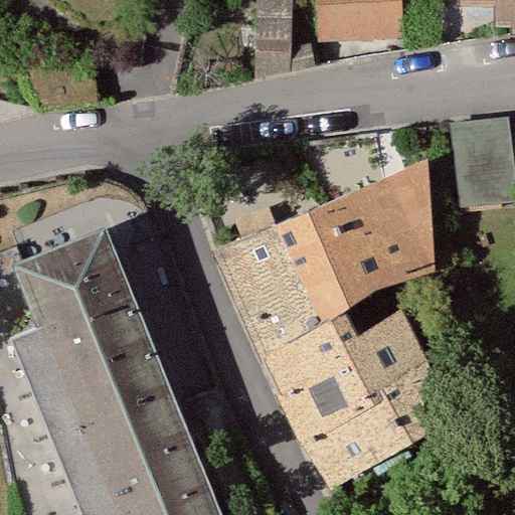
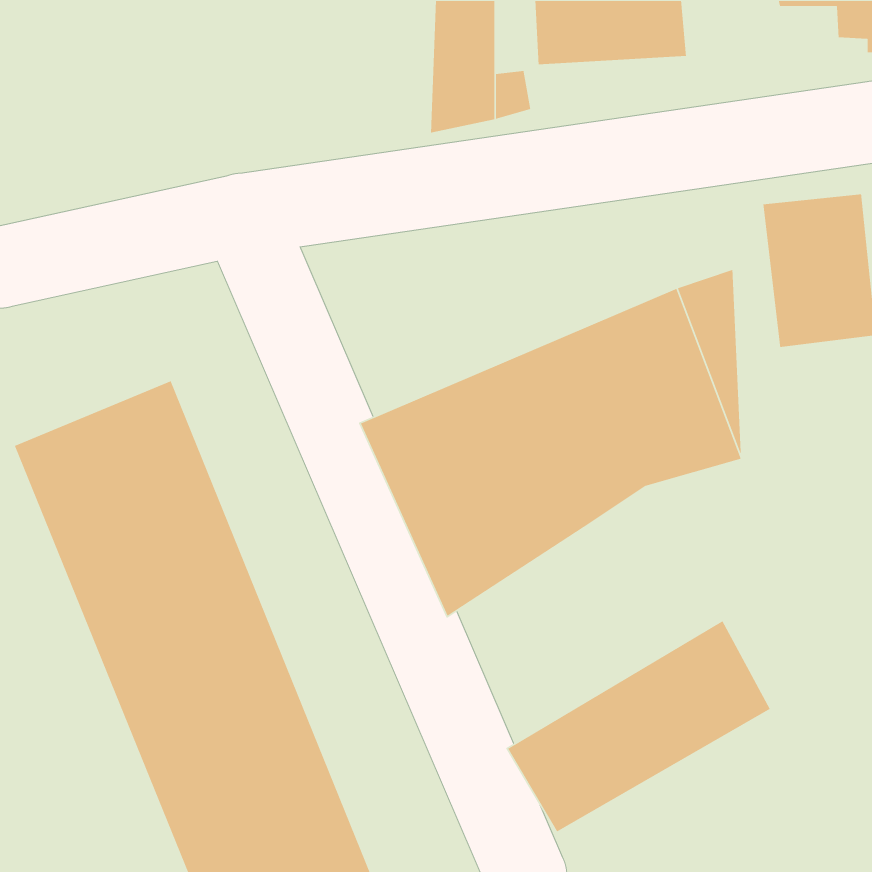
building: [265,308,431,442] -> none

